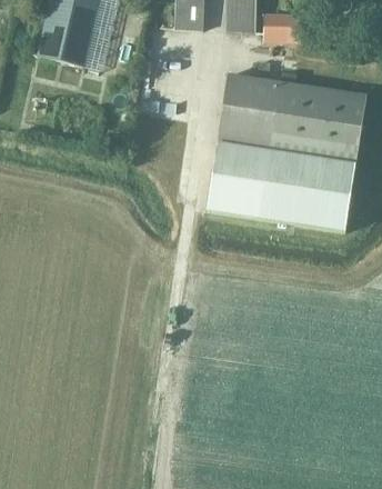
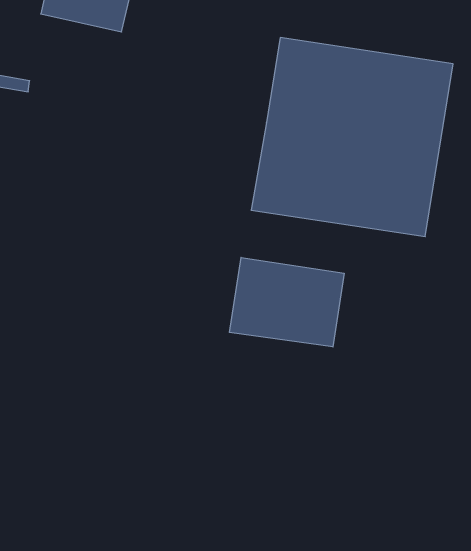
building: none -> [229,257,344,347]

